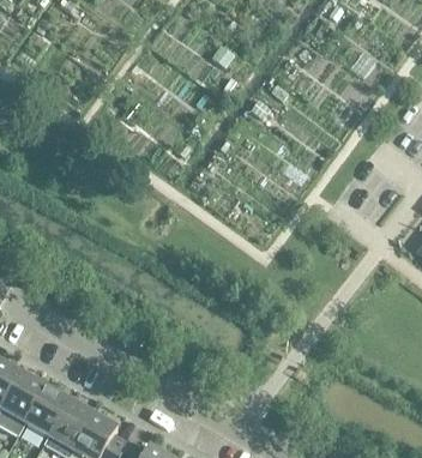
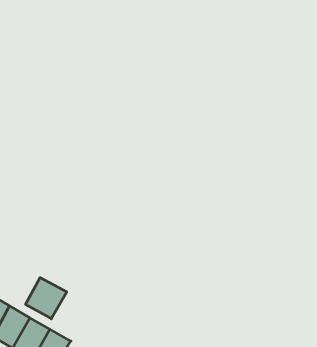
building: none -> [26,278,67,319]

